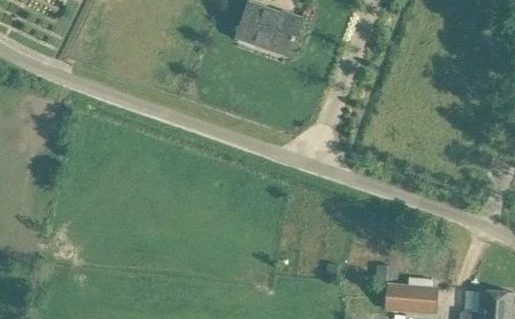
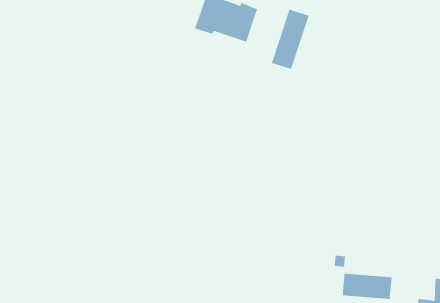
building: none -> [271,9,309,70]

